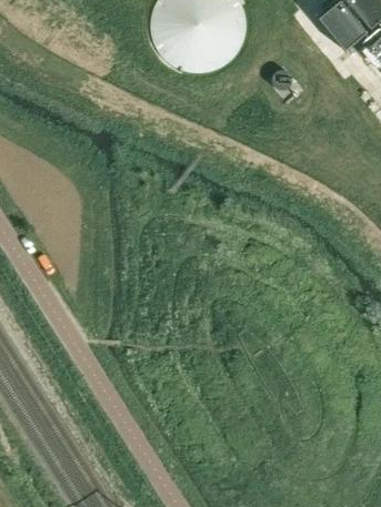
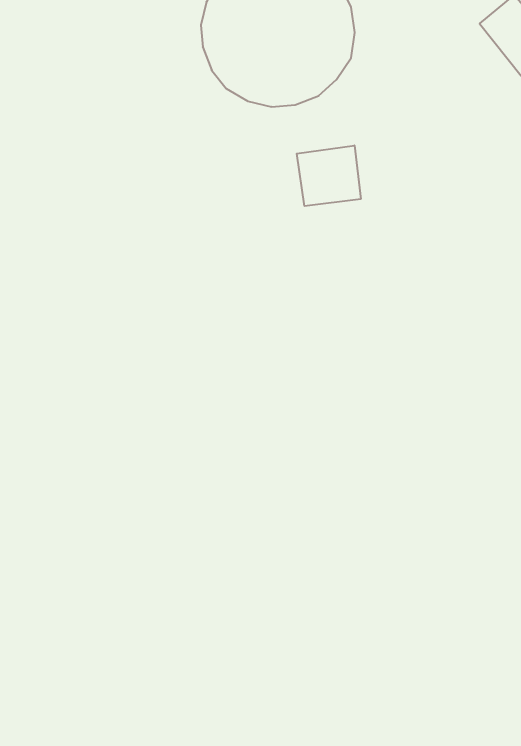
building: none -> [297,145,361,206]

